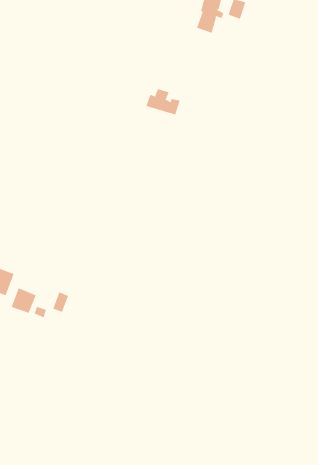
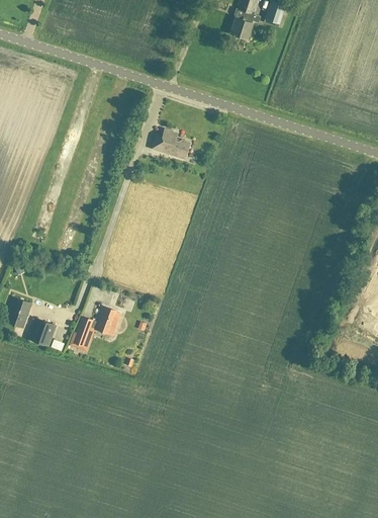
building: [145,89,180,115] -> [152,128,190,158]
building: none -> [94,307,120,335]

